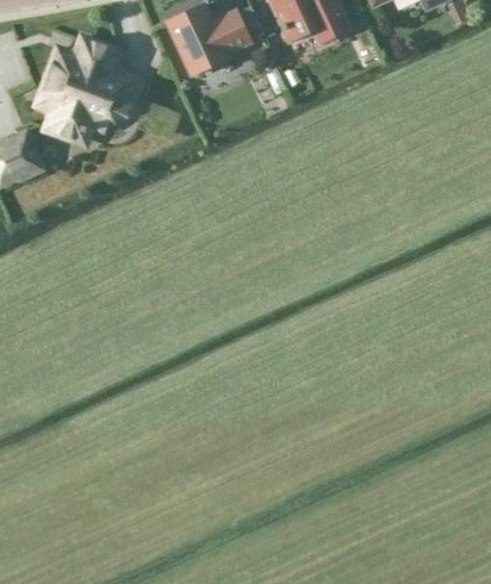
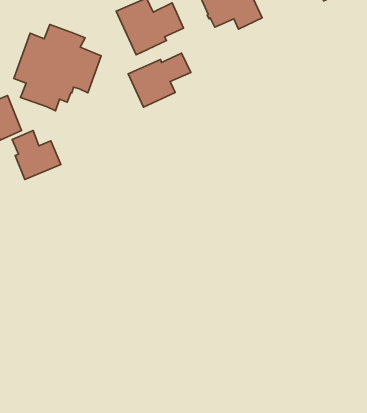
building: none -> [128,53,191,107]
building: none -> [12,130,61,179]

